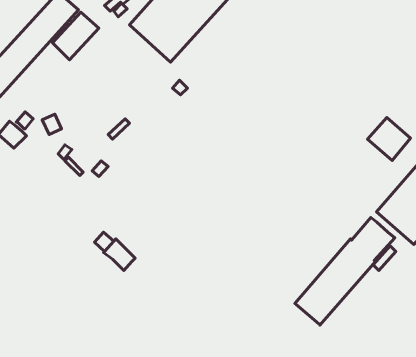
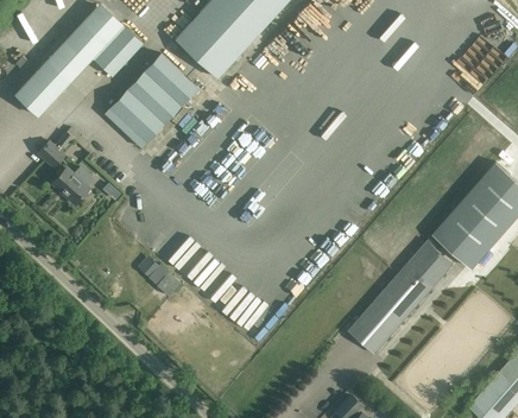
building: none -> [103,52,198,148]
building: [367,118,410,161] -> none
building: none -> [53,169,88,203]

